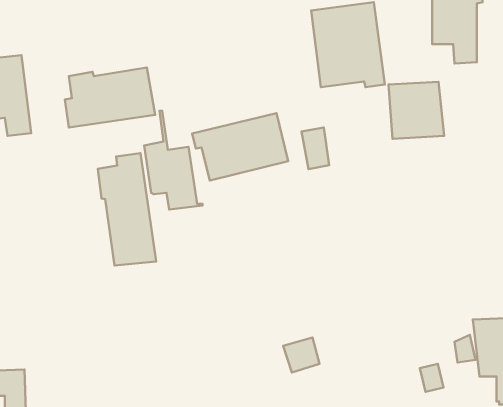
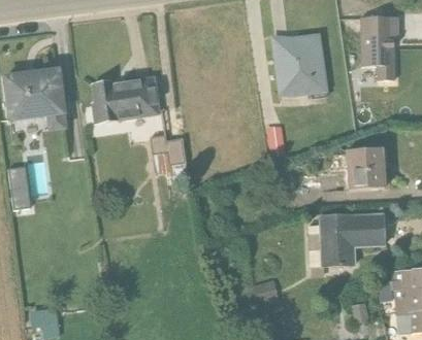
building: [388,82,444,139] -> [346,145,387,188]
building: [192,113,288,181] -> none
building: [98,153,156,266] -> none
building: none -> [307,210,387,276]

